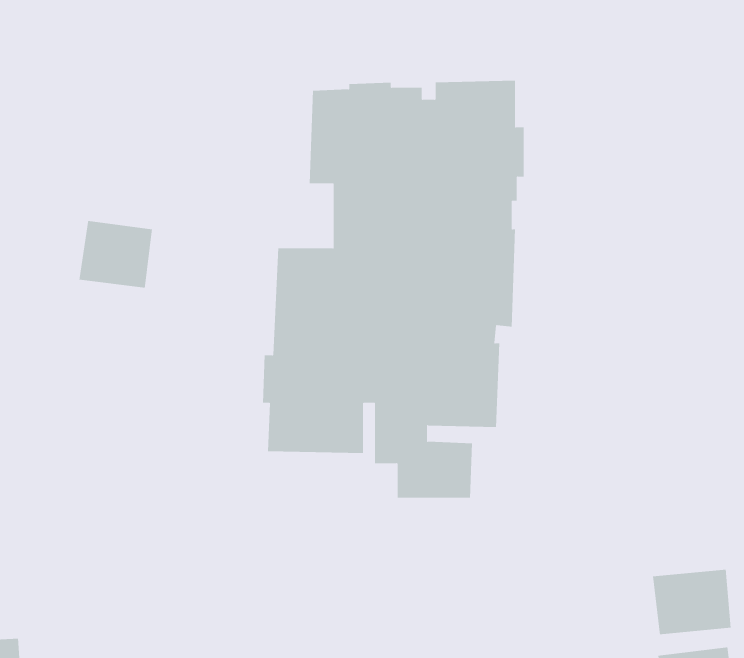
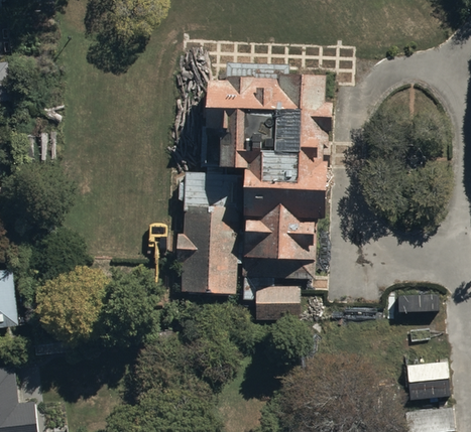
building: [79,220,153,289] -> none

